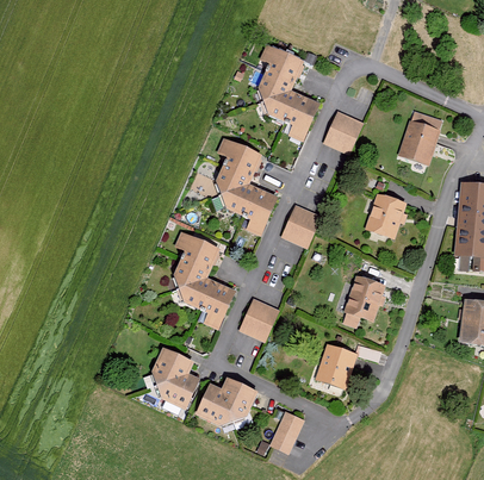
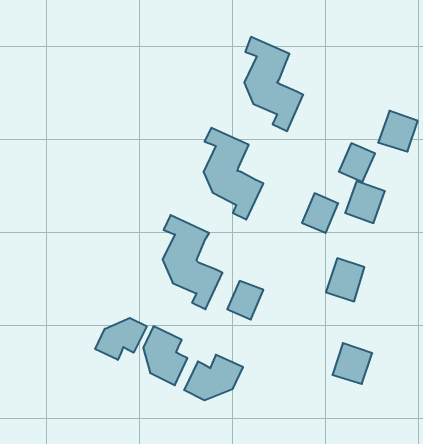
building: [324,110,362,150] -> [339,143,375,182]
building: [281,204,319,245] -> [302,193,338,233]
building: none -> [95,318,147,360]
building: [315,343,356,386] -> [332,343,372,384]
building: [267,410,302,453] -> none

